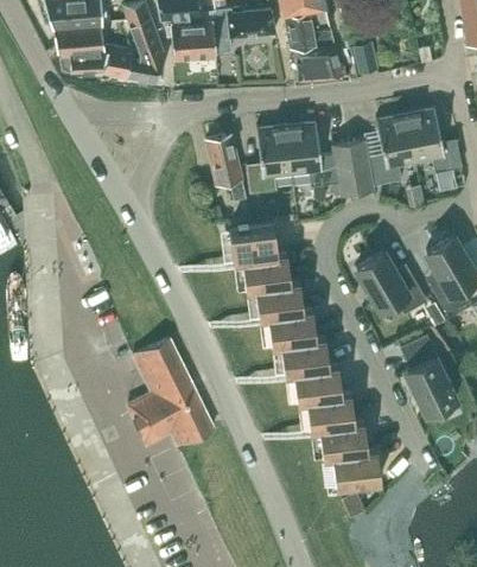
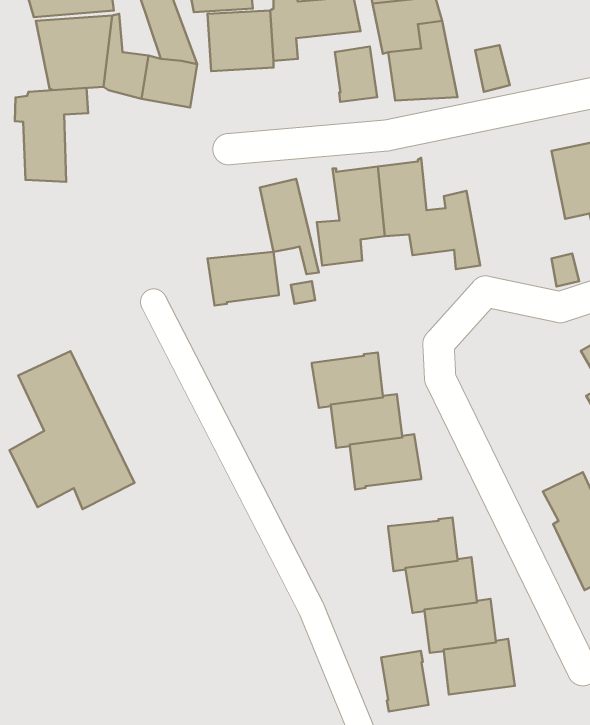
building: none -> [335,47,377,102]
building: none -> [15,88,88,182]
building: [348,115,415,193] -> none
building: [229,225,278,262] -> [208,252,279,306]
building: [356,251,427,313] -> none
building: [279,337,329,374] -> none
building: [128,338,214,446] -> [10,351,135,509]
building: none -> [381,651,429,712]

